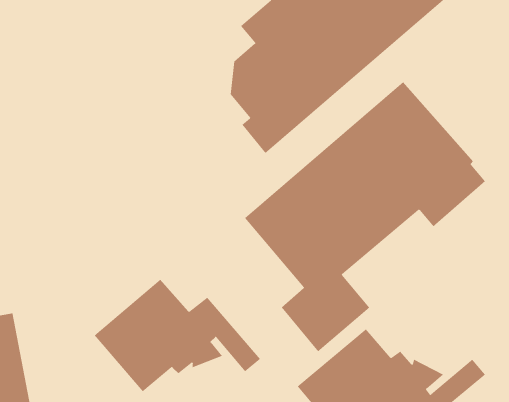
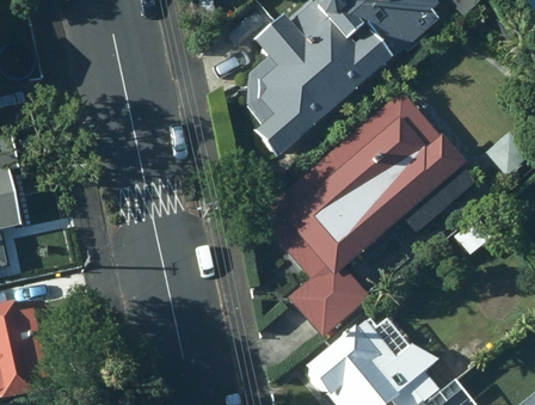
building: [94,279,261,392] -> none

